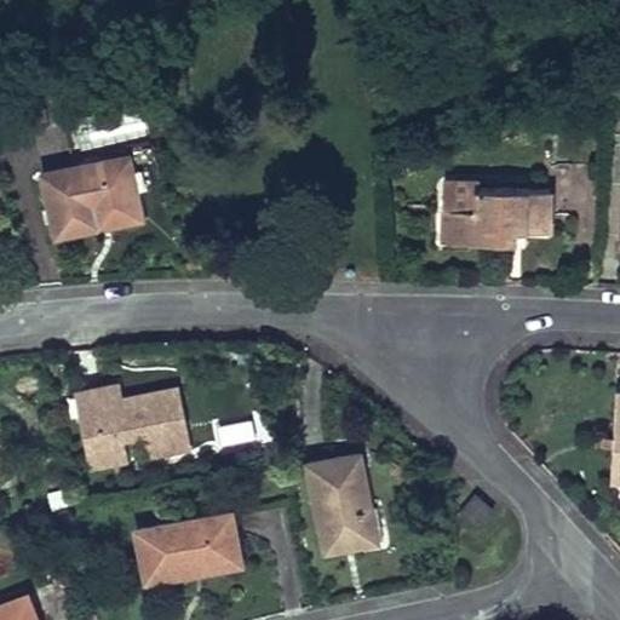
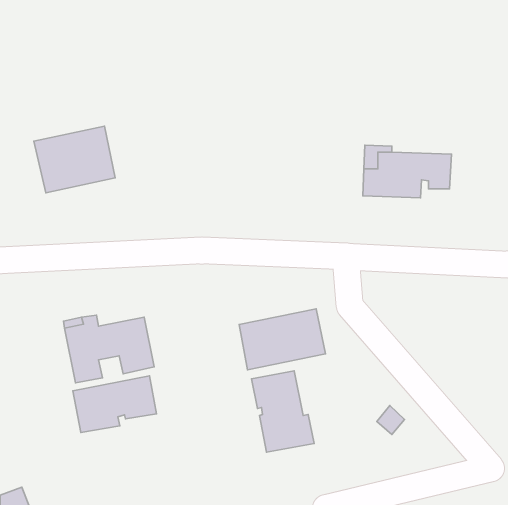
building: none -> [239,309,325,370]
building: [137,513,239,582] -> [73,376,156,433]

